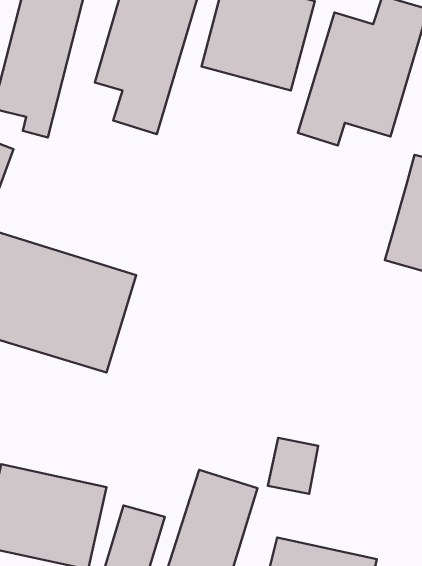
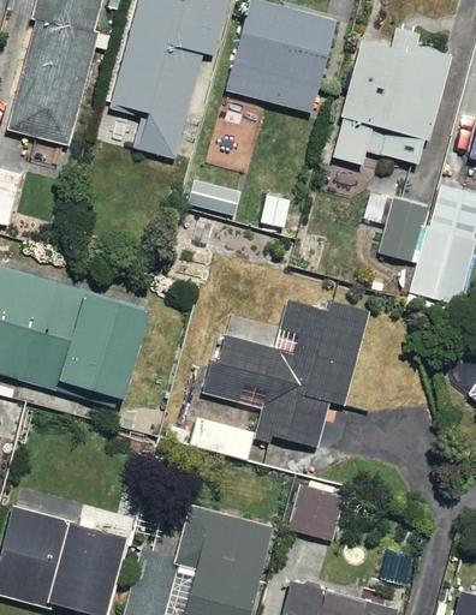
building: none -> [380,202,436,268]
building: none -> [194,295,371,456]

